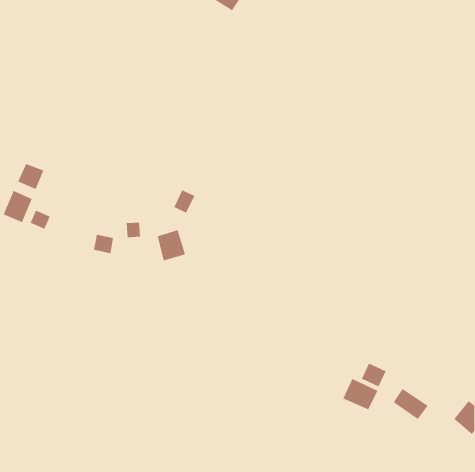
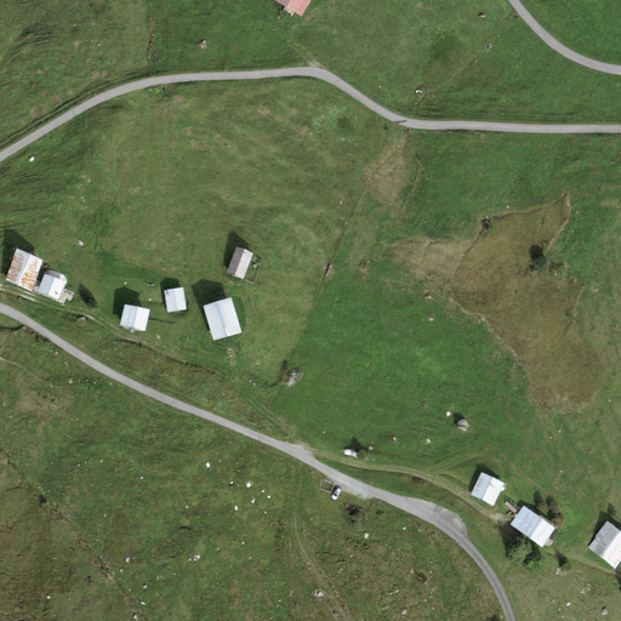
building: [18,163,44,190] -> none
building: [343,378,378,410] -> none

